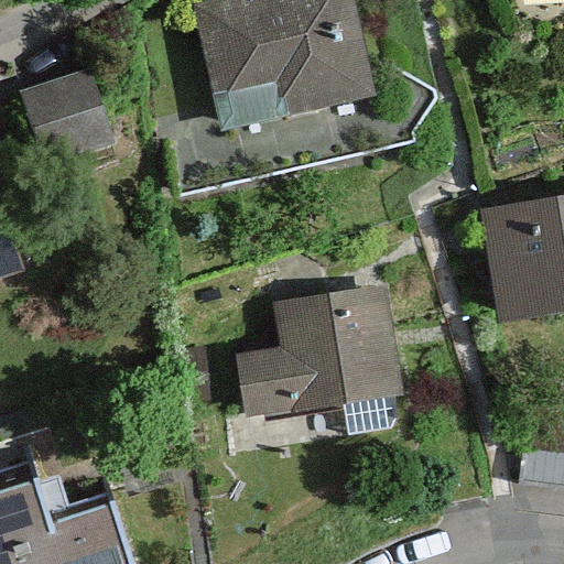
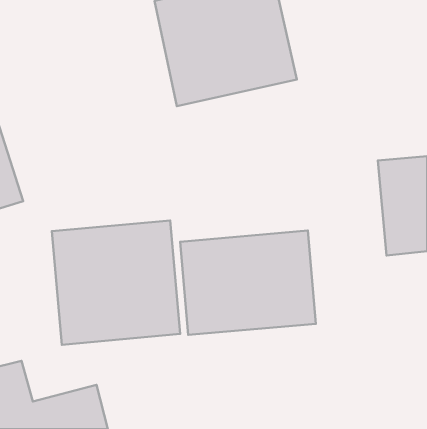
building: [12,67,106,144] -> none
building: none -> [52,221,180,345]

